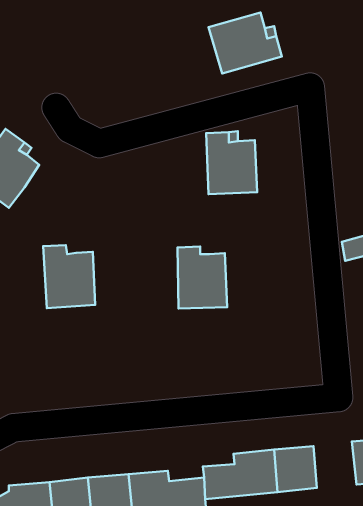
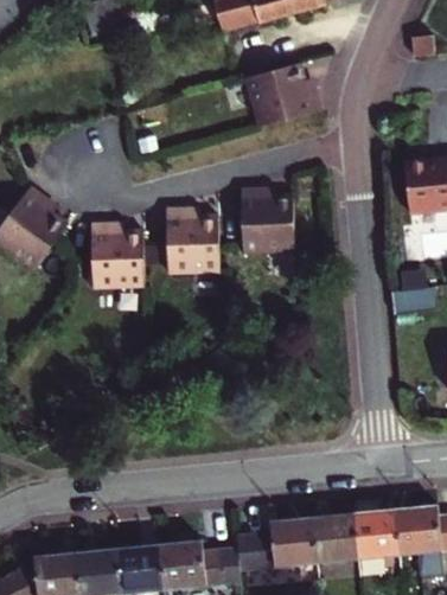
building: [43,245,95,308] -> [88,222,142,288]
building: [177,246,227,308] -> [167,206,219,271]
building: none -> [353,511,398,559]

